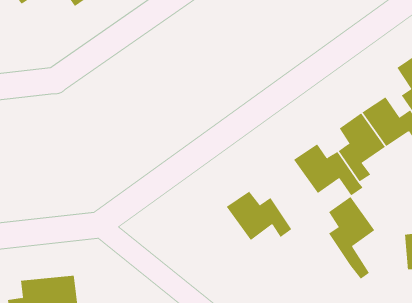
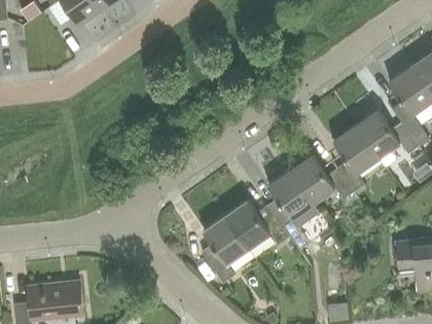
building: [328,196,375,279] -> [268,171,314,251]
building: none -> [201,216,249,283]

